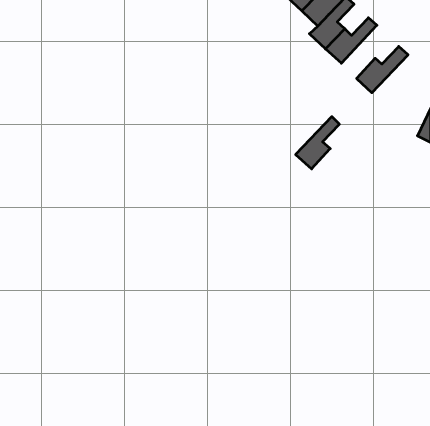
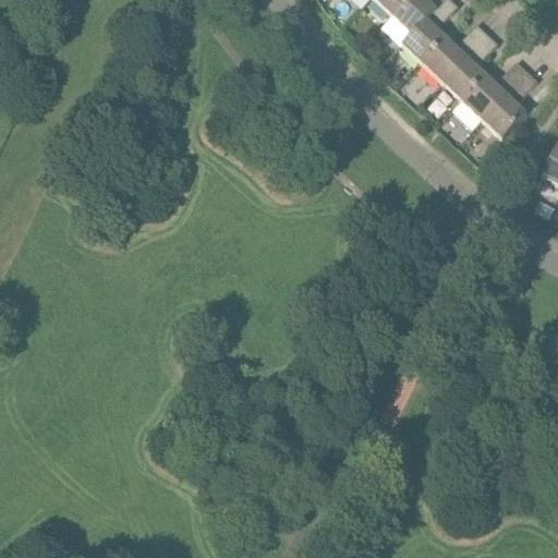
building: none -> [442,33,498,101]
building: [296,117,339,169] -> [482,71,538,138]

